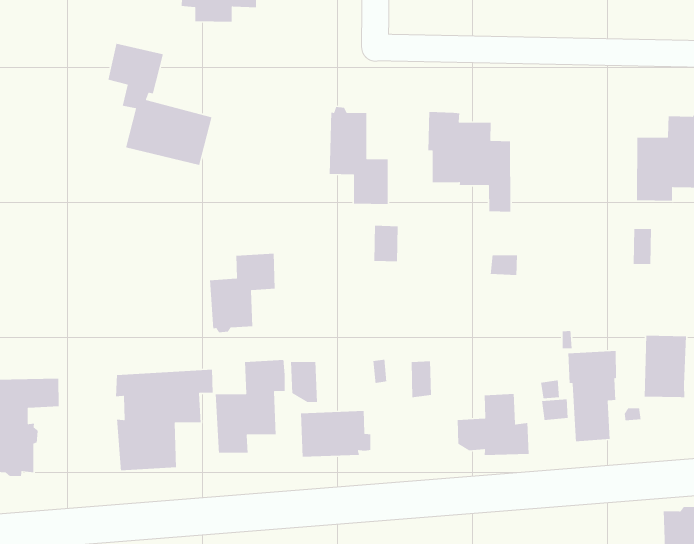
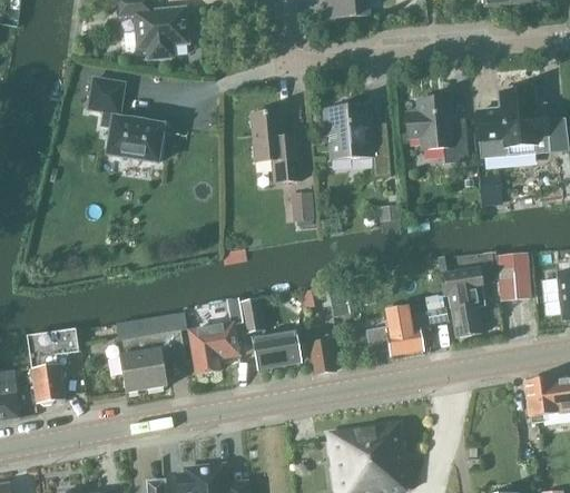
building: none -> [406,97,469,162]
building: [209,253,276,333] -> none
building: none -> [309,334,335,373]

